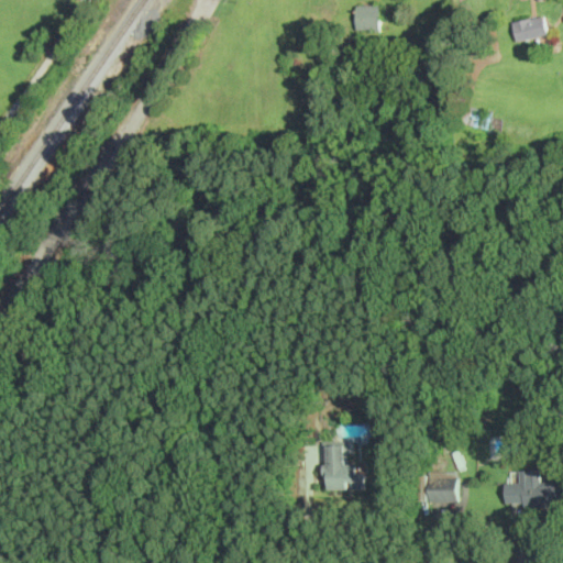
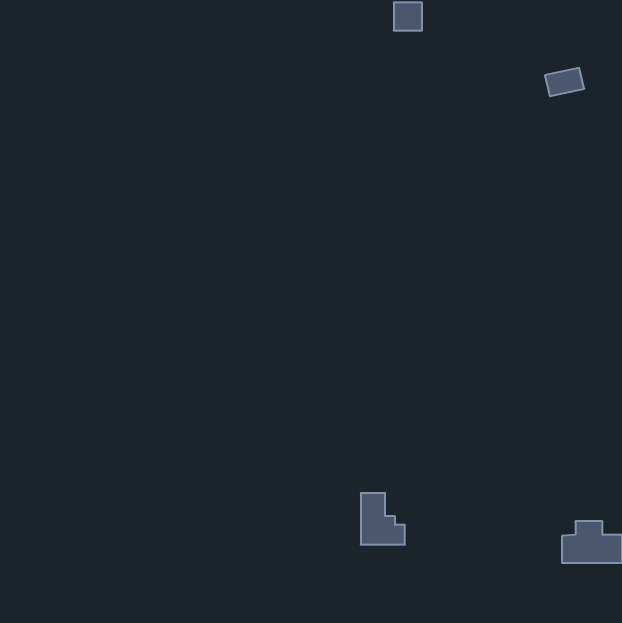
building: [510,16,545,42] -> [545,68,584,96]
building: [427,473,455,504] -> none

